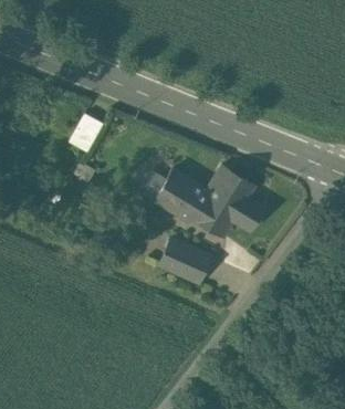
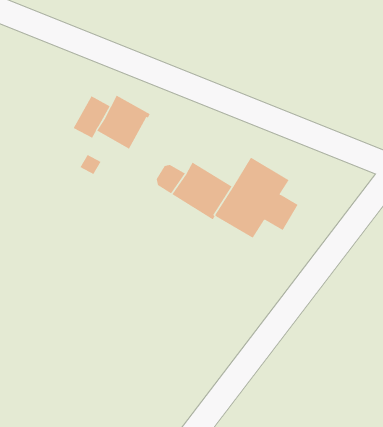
building: none -> [97,95,150,150]
building: [160,240,210,282] -> none

